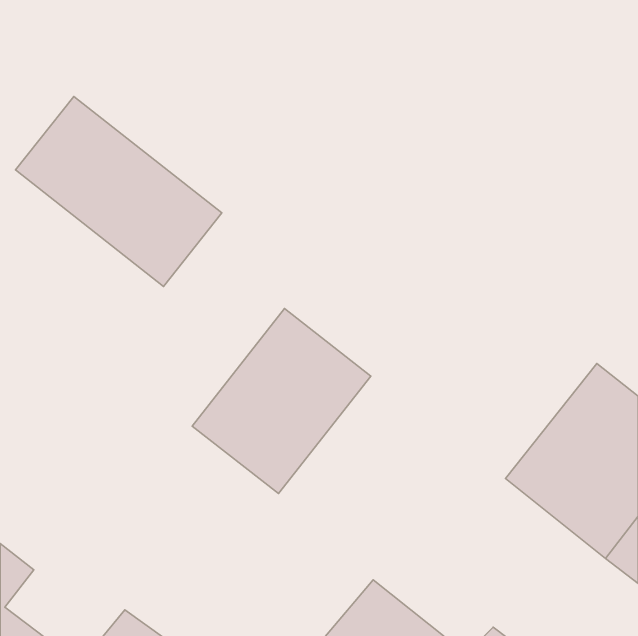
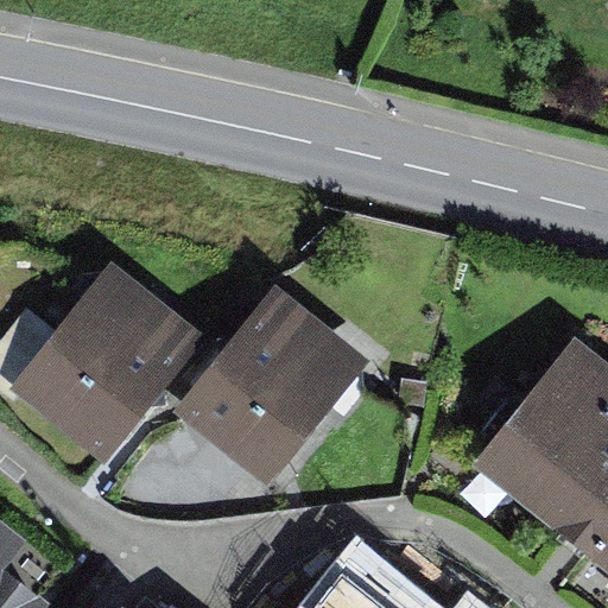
building: [16,96,222,286] -> none
building: none -> [20,268,195,449]

